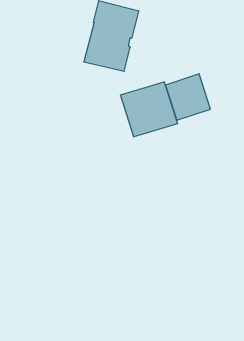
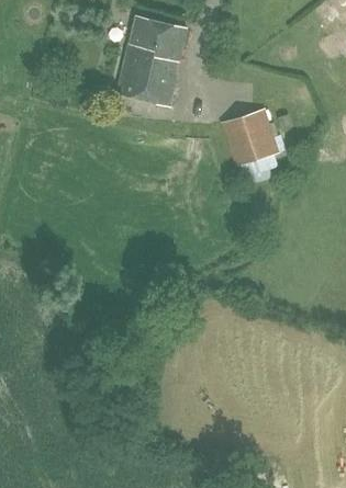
building: [120,82,177,137] -> none

